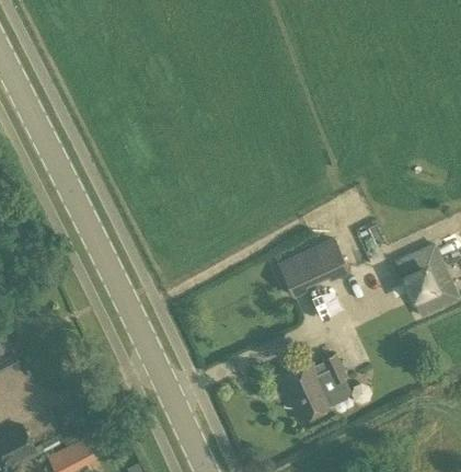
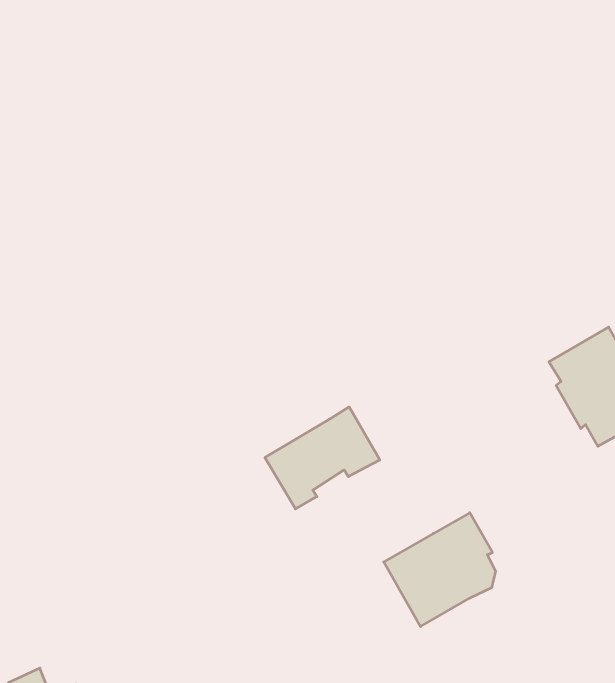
building: [278,239,350,300] -> [265,407,380,509]

